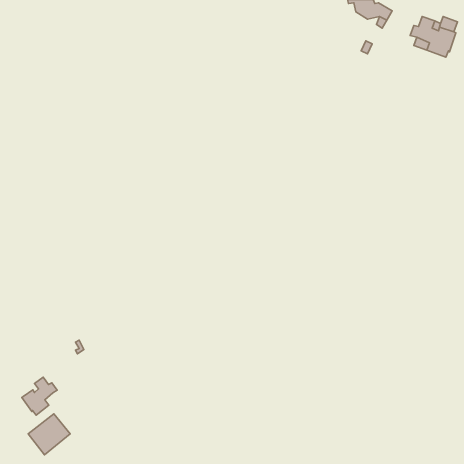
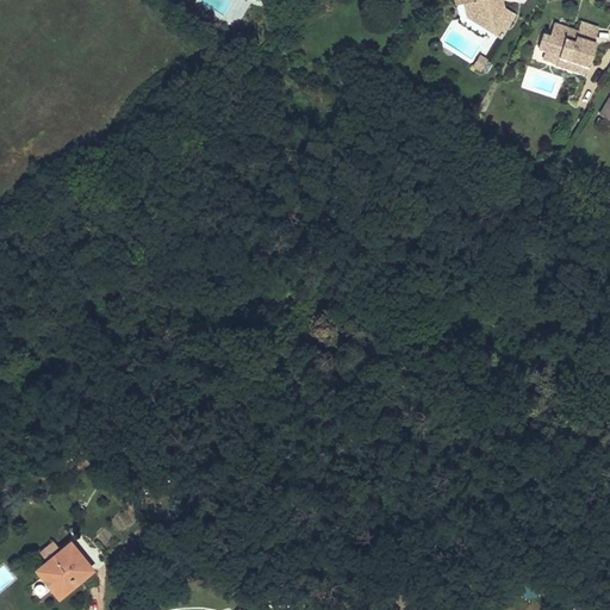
building: [22,377,57,415] -> none

